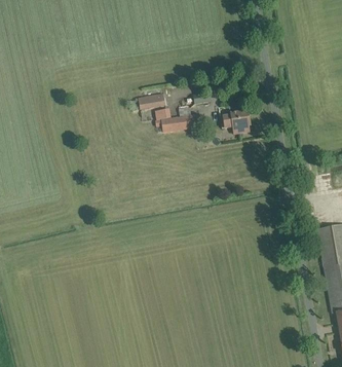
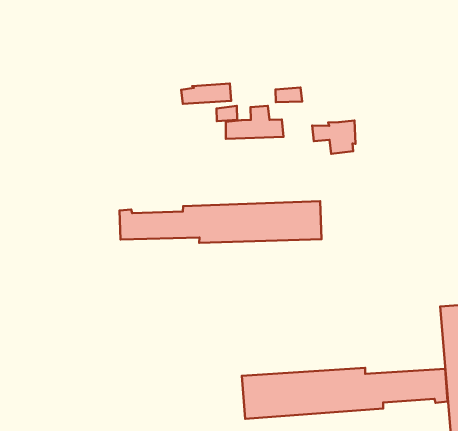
building: none -> [120,201,322,243]
building: none -> [242,368,447,419]

